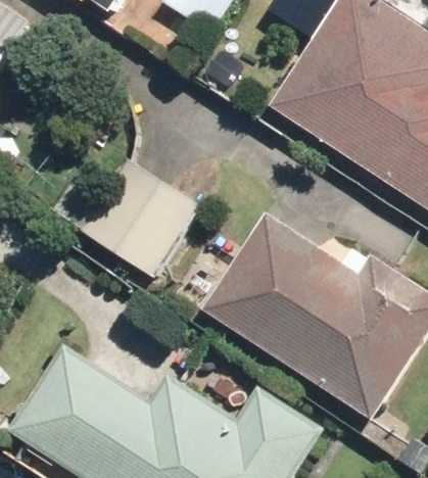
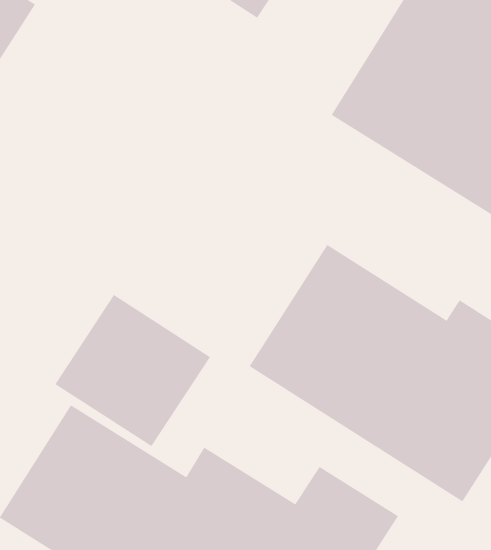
building: [79,157,203,279] -> [54,294,211,447]

